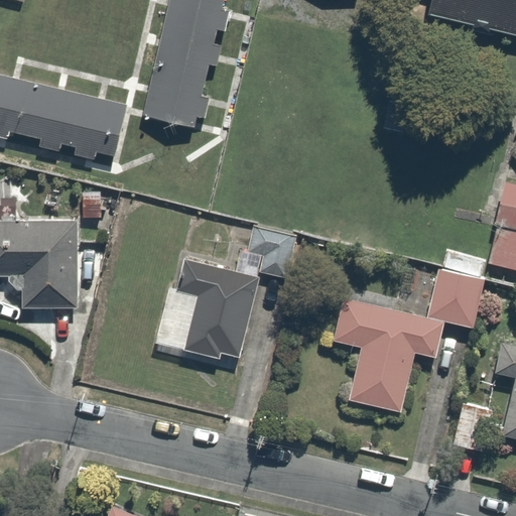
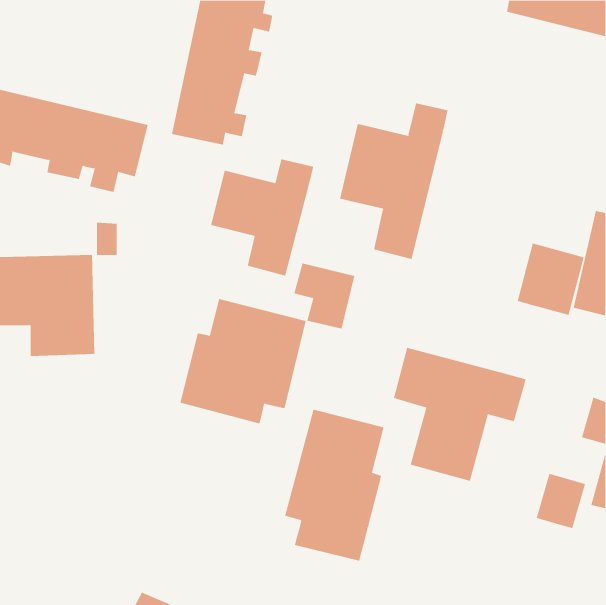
building: none -> [339,102,448,260]
building: none -> [211,158,314,277]
building: [432,270,490,332] -> [517,243,584,315]
building: none -> [285,409,384,562]

